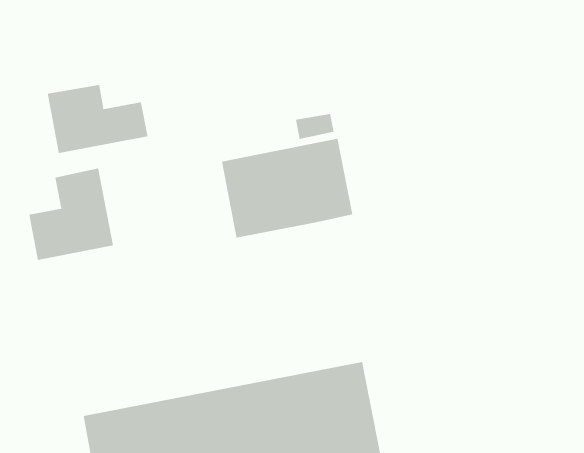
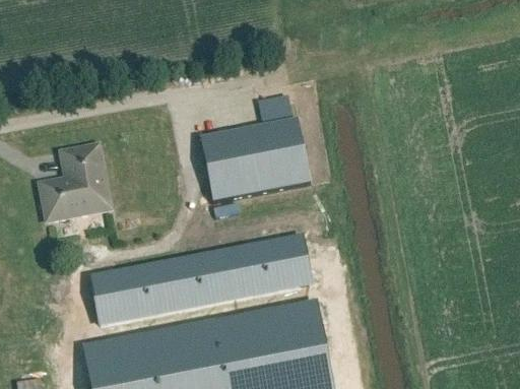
building: [47,84,148,154] -> none
building: none -> [92,237,312,322]

